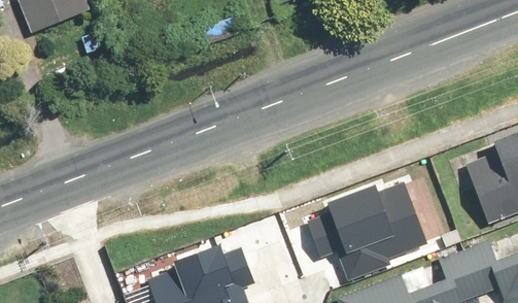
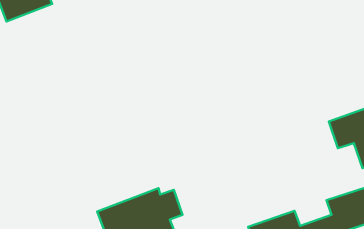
building: [300,180,418,272] -> none

